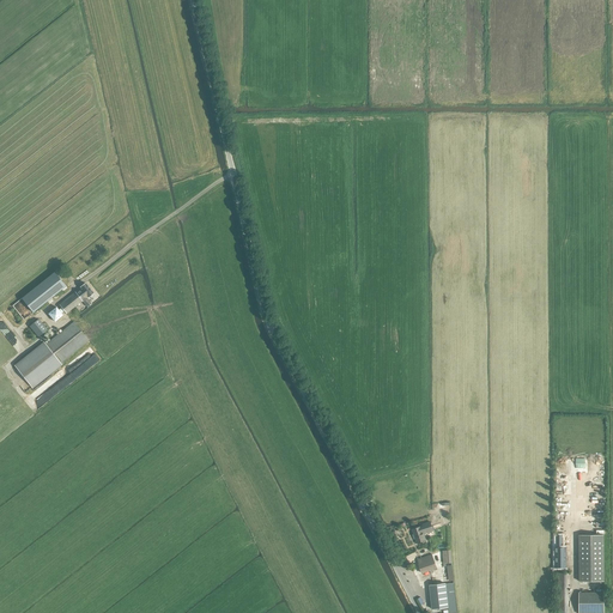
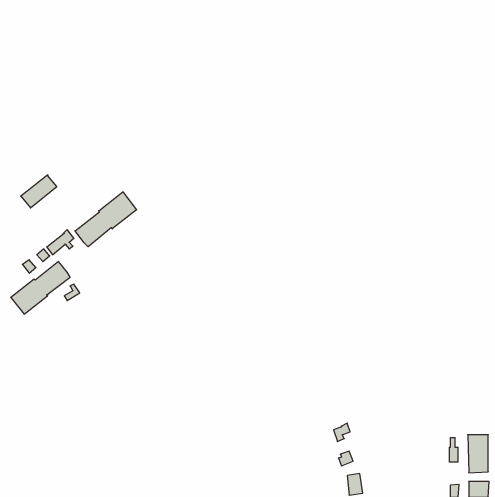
building: none -> [75,192,137,247]
building: [19,272,63,312] -> [21,175,57,208]

